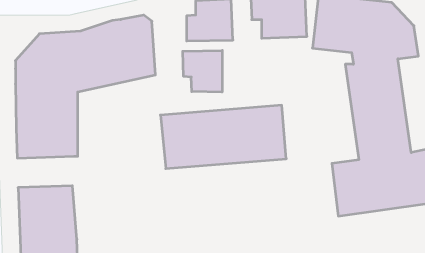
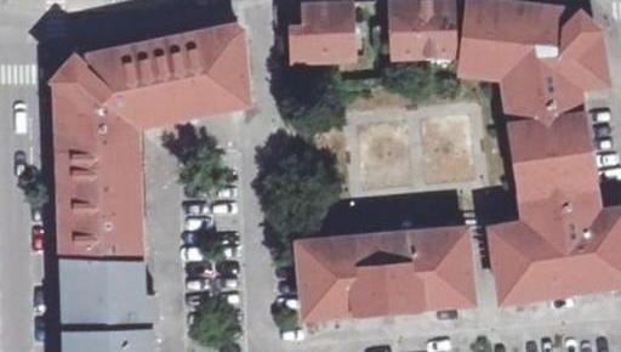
building: [183,50,222,92] -> none
building: [160,105,286,169] -> [298,227,469,313]
building: none -> [59,216,137,259]

